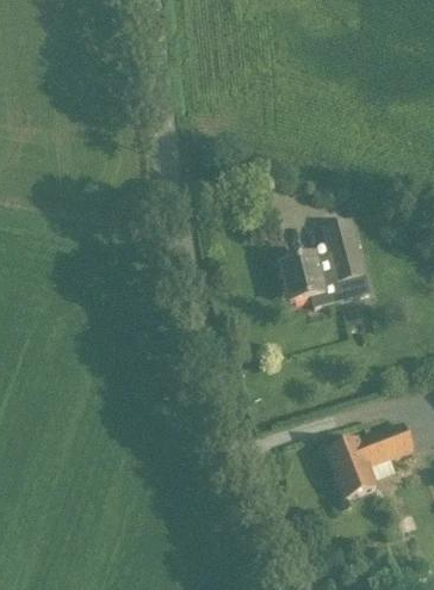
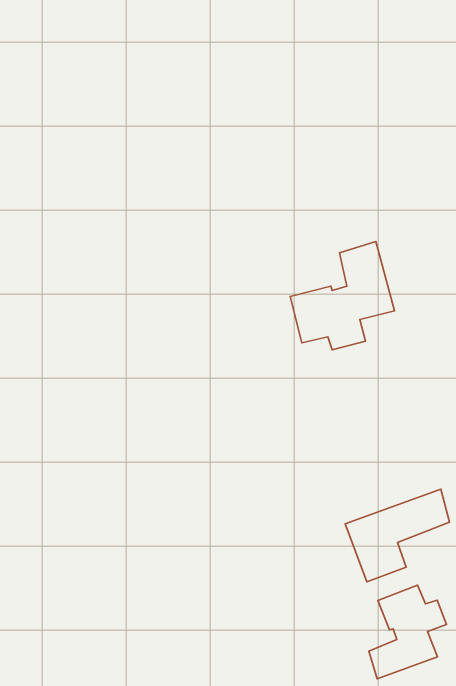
building: none -> [369,585,446,679]

